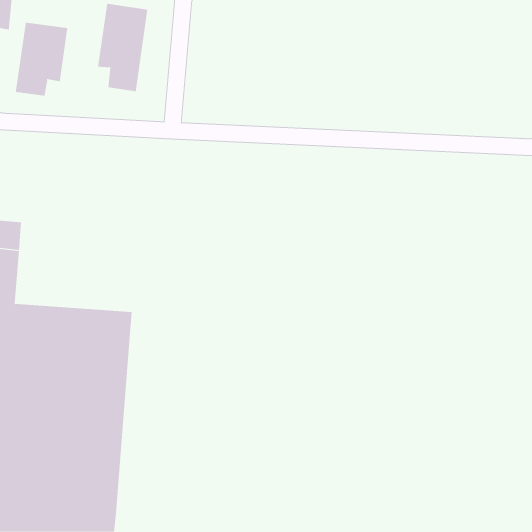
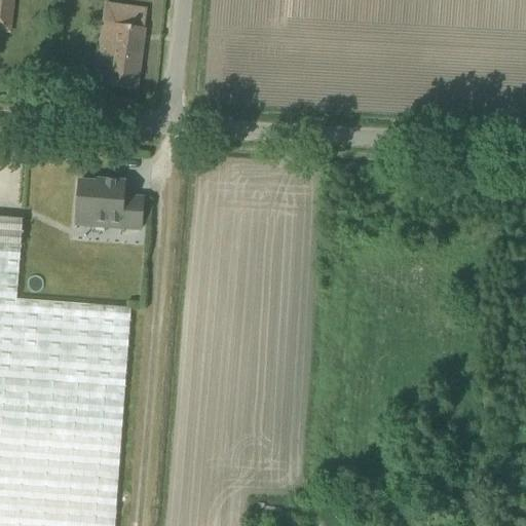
building: [15,22,68,97] -> none
building: none -> [75,180,143,229]

